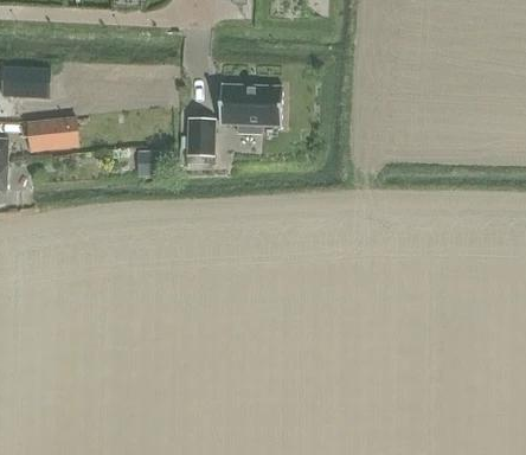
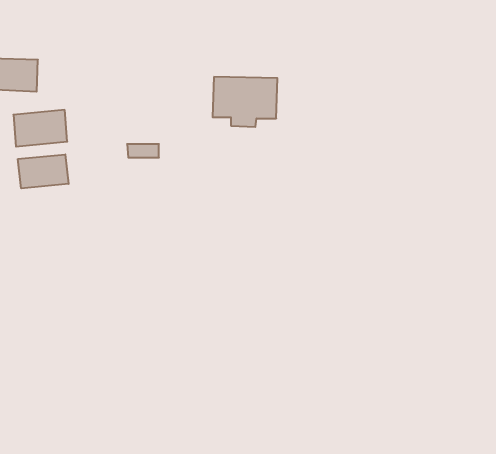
building: [186,118,213,156] -> none
building: none -> [18,154,69,188]

